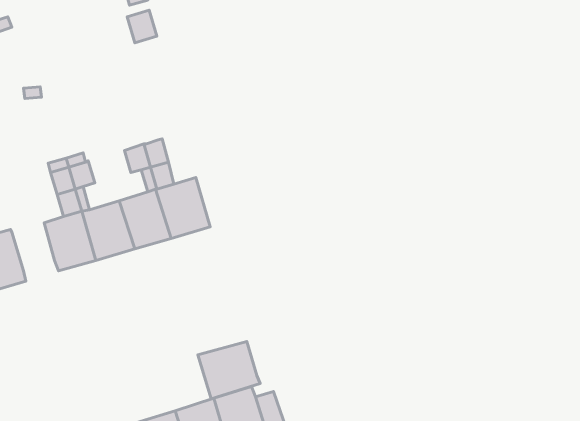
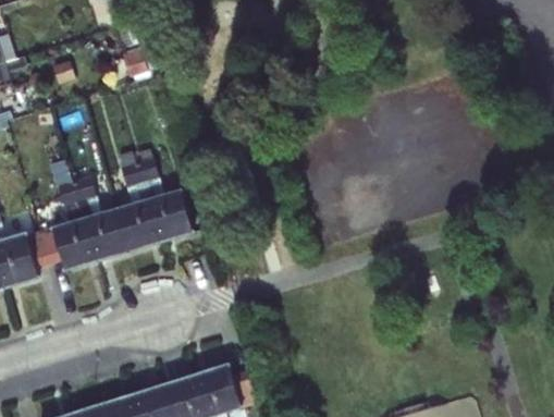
building: none -> [25,226,61,267]
building: [198,342,260,399] -> none

